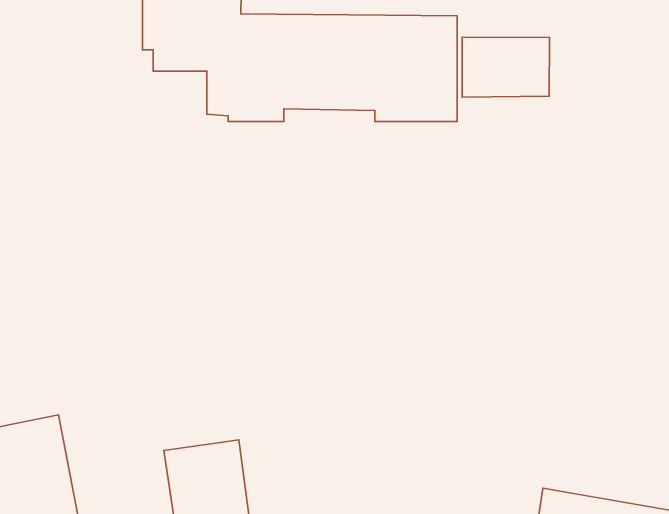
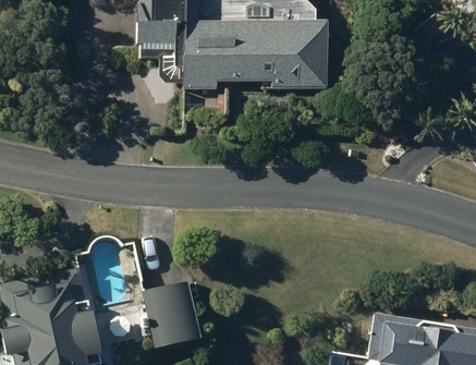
building: [462,37,549,97] -> none

